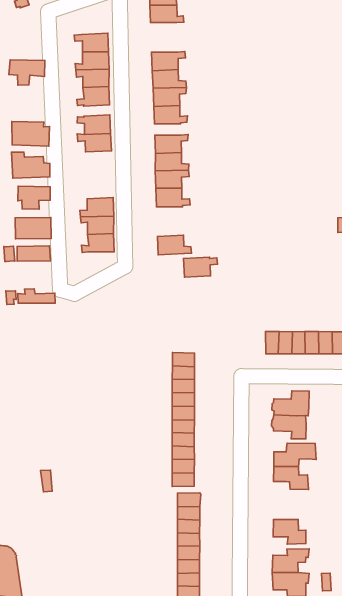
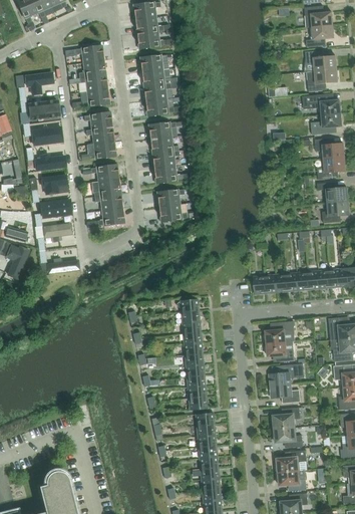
building: none -> [136,31,165,48]
building: none -> [28,97,60,118]
building: none -> [88,141,116,159]
building: none -> [90,164,119,182]
building: [184,257,218,277] -> [156,189,185,207]
building: none -> [273,407,301,429]

